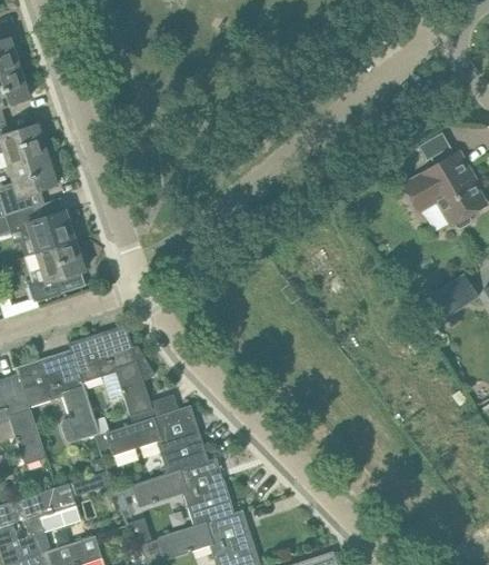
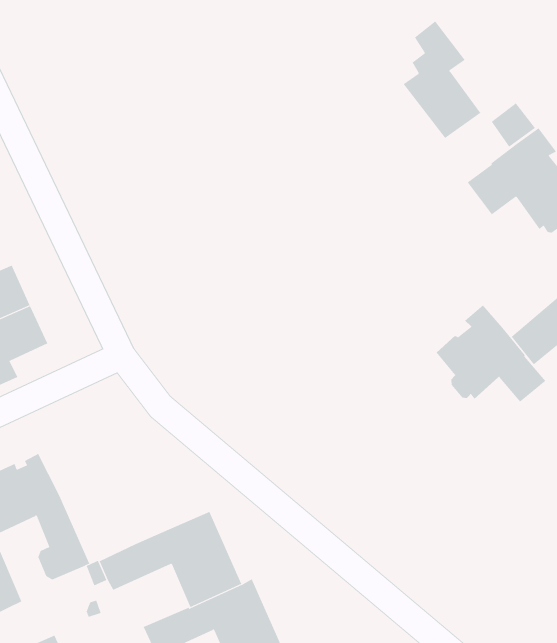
building: none -> [403,21,481,139]
building: none -> [436,304,546,403]
building: [68,325,154,423] -> none

